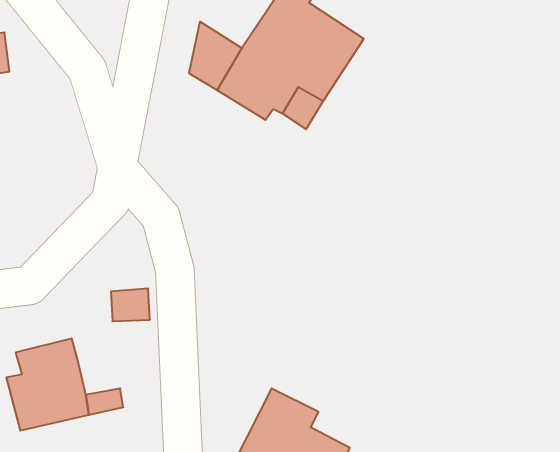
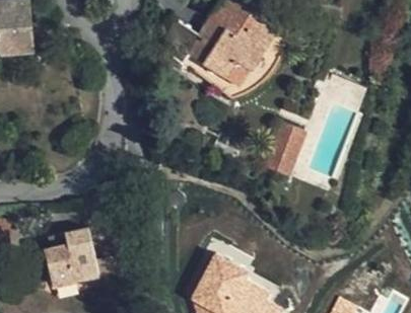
building: none -> [260,121,306,178]

